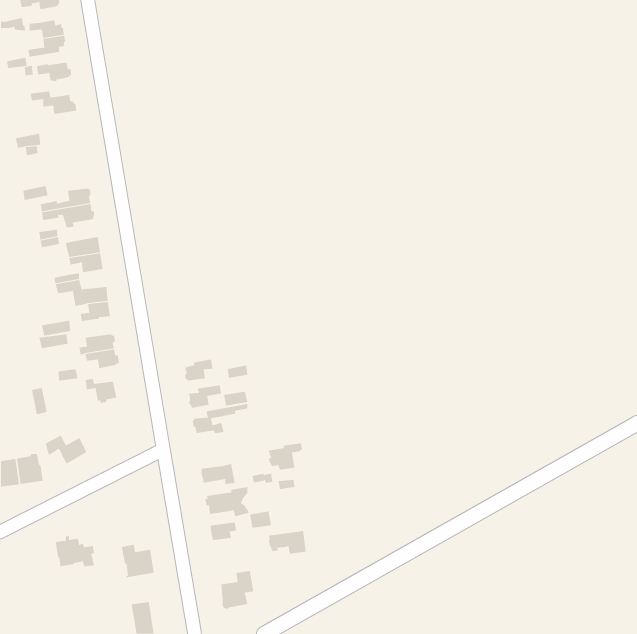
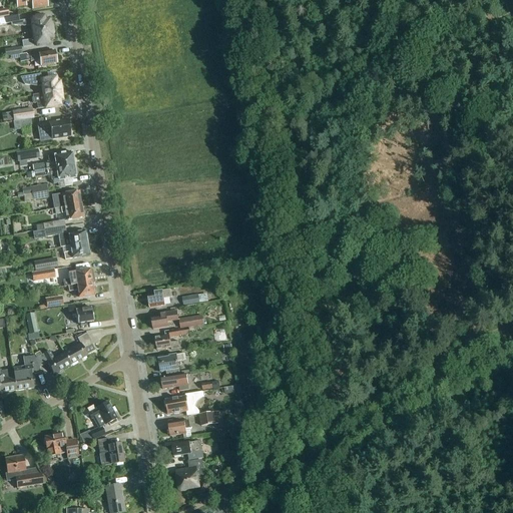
building: none -> [33,89,63,108]
building: none -> [39,117,70,138]
building: none -> [64,332,95,364]
building: [268,443,303,470] -> [158,353,186,375]
building: none -> [88,401,117,439]
building: [268,531,306,554] -> [172,440,203,459]
building: none -> [5,455,45,487]

